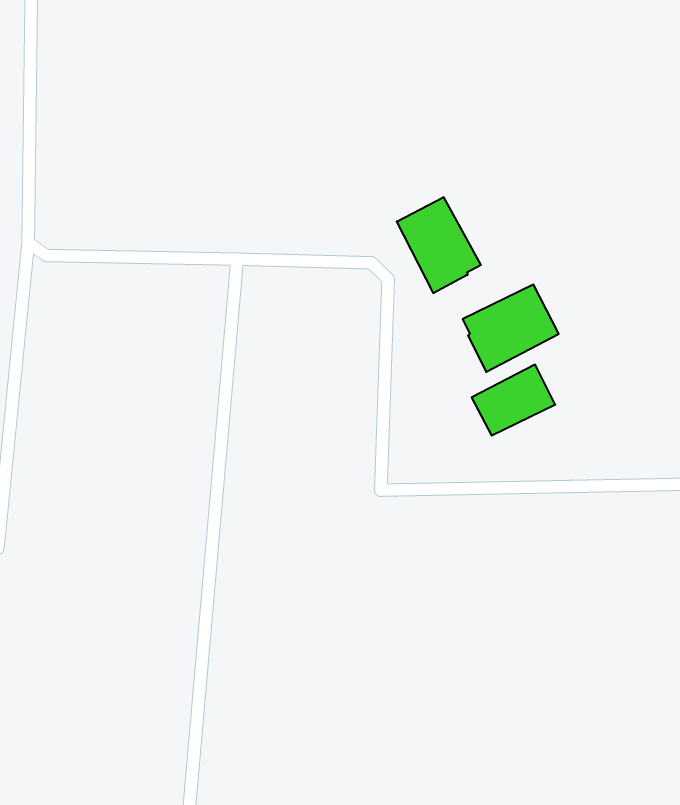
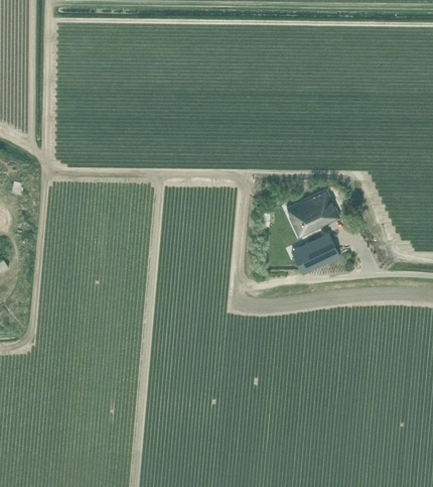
building: [397,197,481,293] -> none

